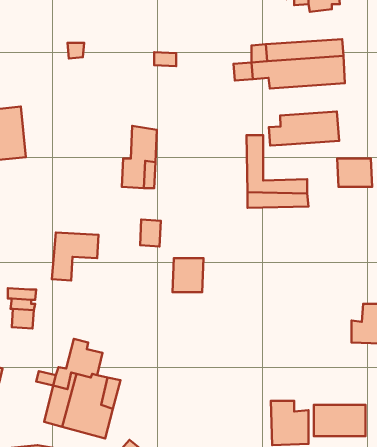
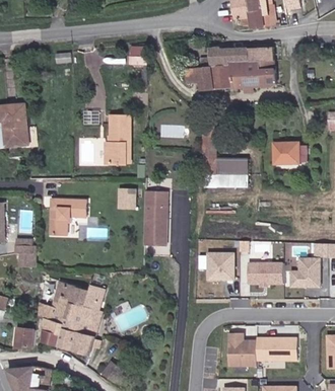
building: [269,112,339,145] -> none
building: none -> [146,192,170,220]
building: none -> [203,251,231,281]
building: none -> [243,260,278,285]
building: none -> [17,323,37,349]

